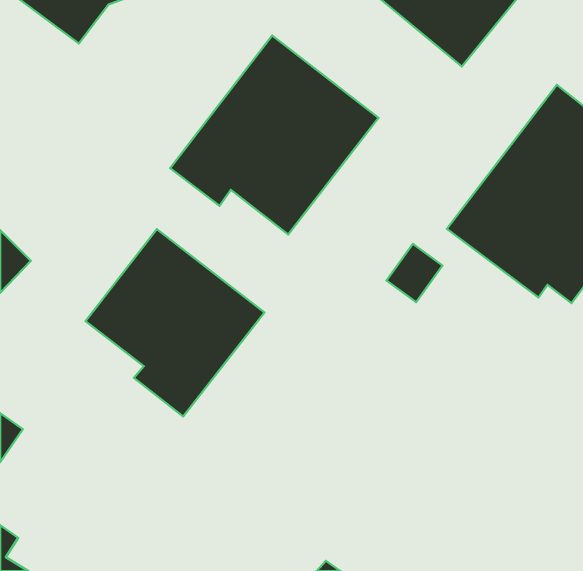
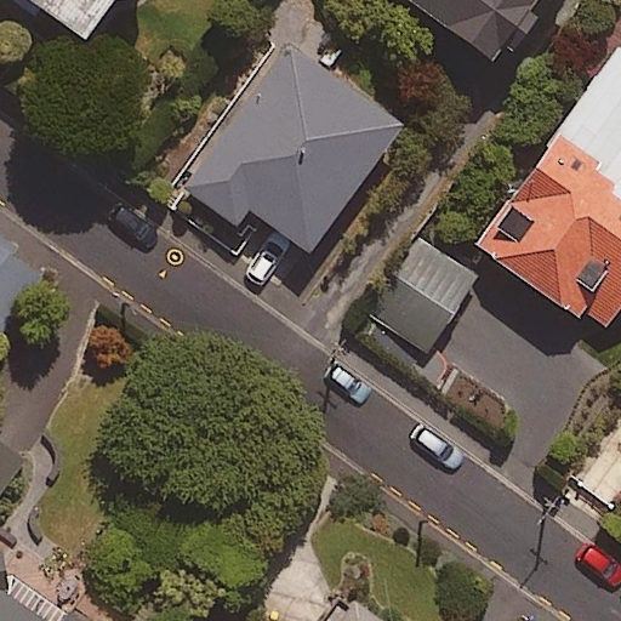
building: [86,229,264,416] -> none

